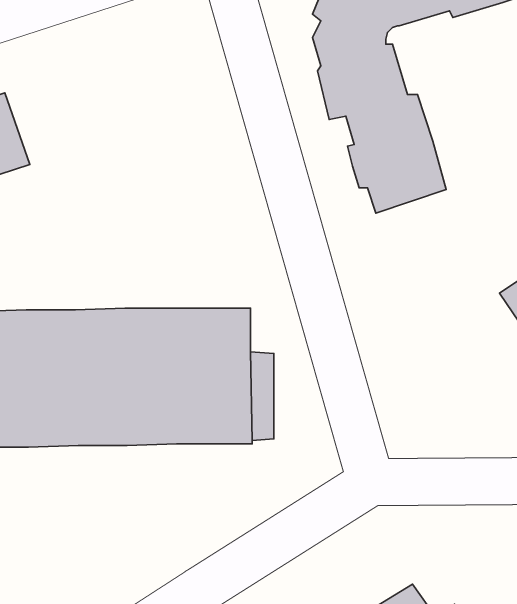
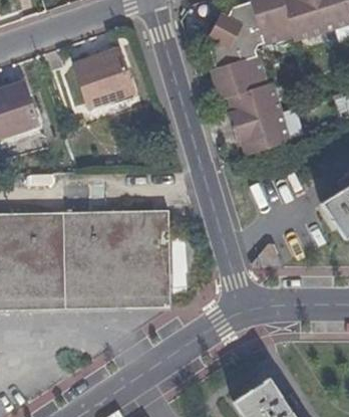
building: none -> [73,51,132,110]

